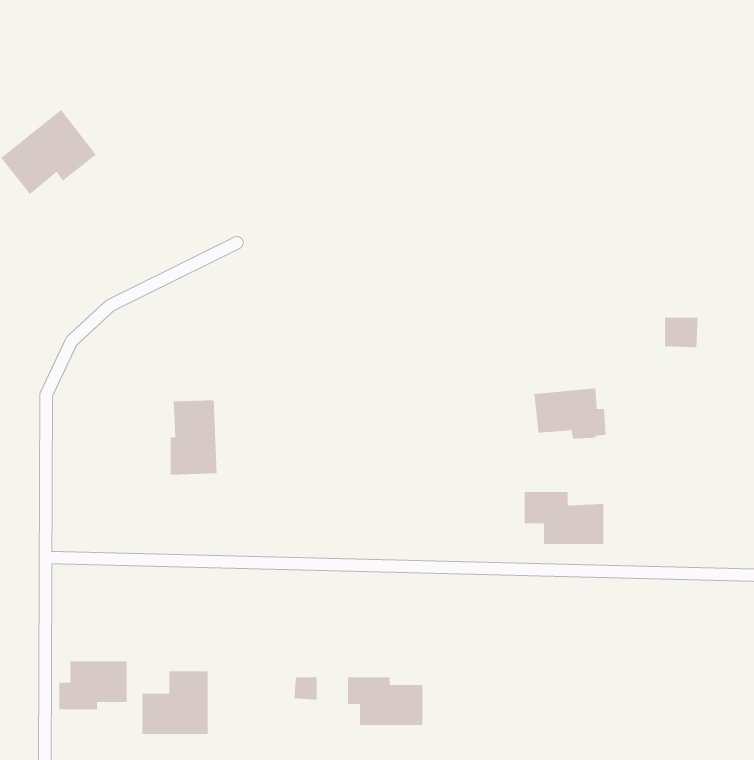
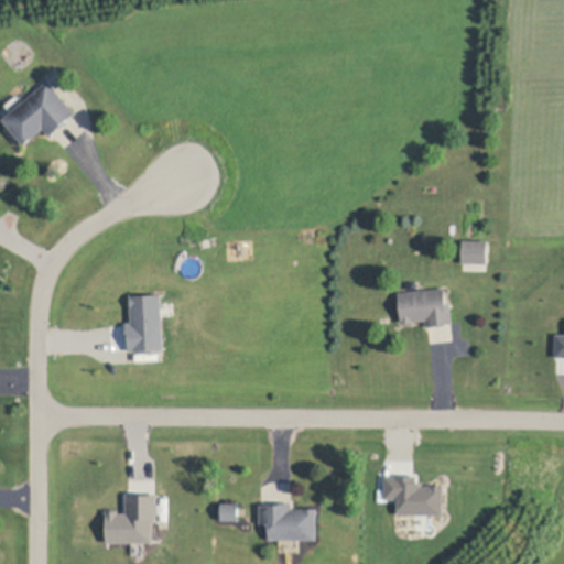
building: [664,317,699,348] -> [458,248,484,271]
building: [524,491,604,545] -> [382,477,442,517]
building: [59,661,128,710] -> none

